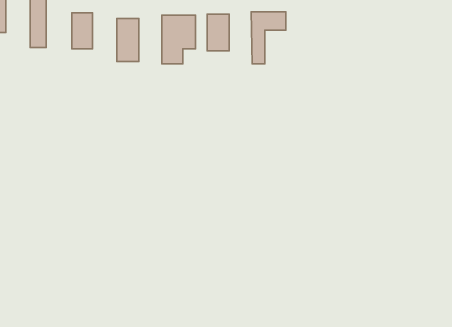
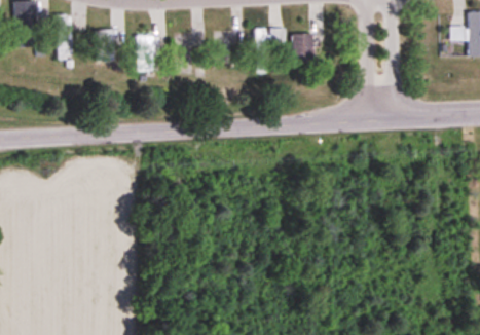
building: none -> [293,32,312,60]

